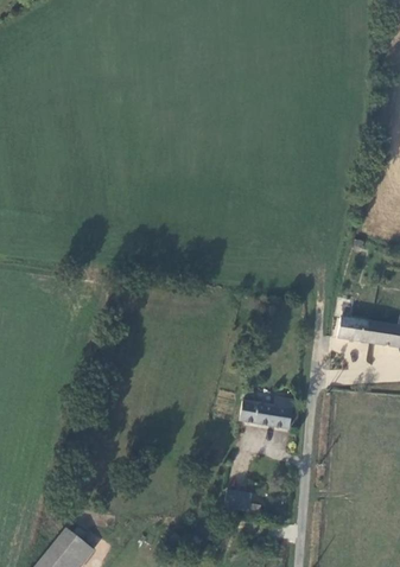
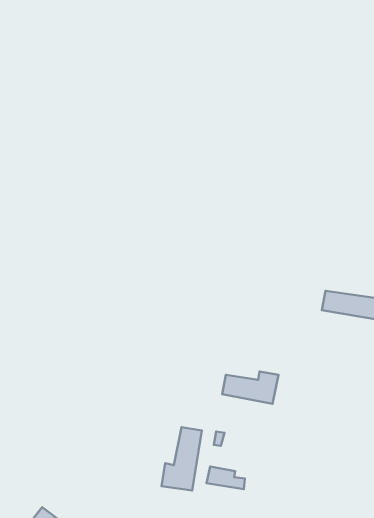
building: none -> [161,427,202,490]

